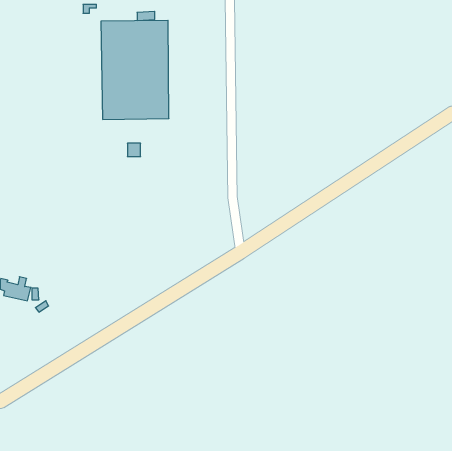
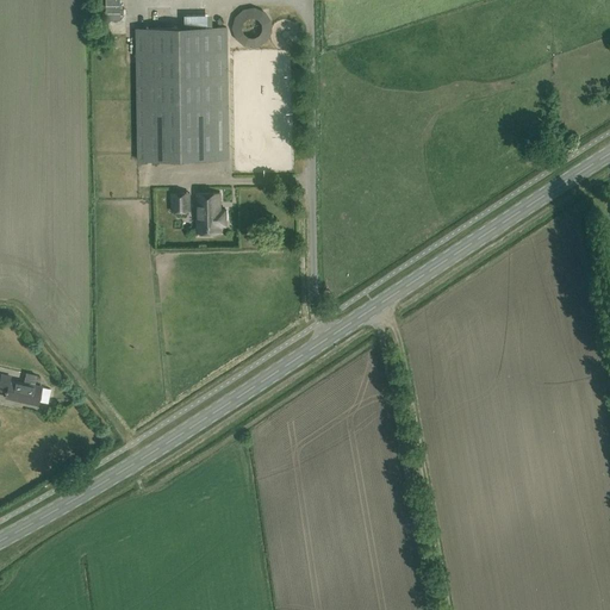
building: none -> [197,193,226,237]

